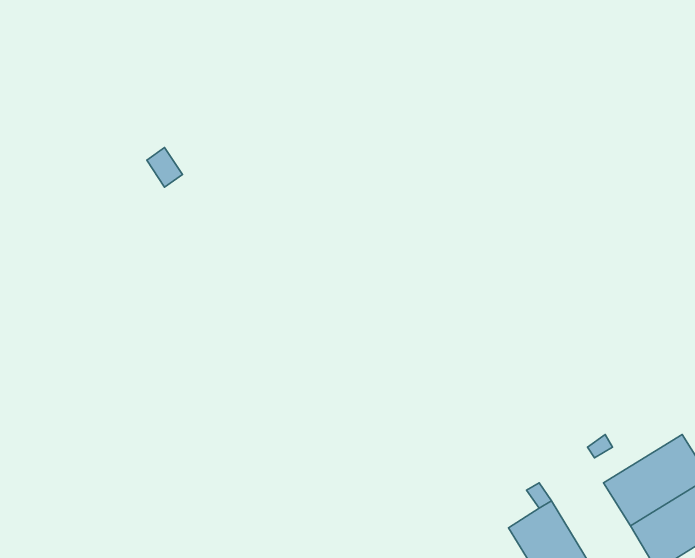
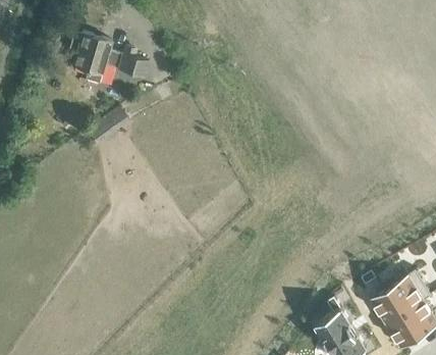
building: none -> [69,35,149,87]

